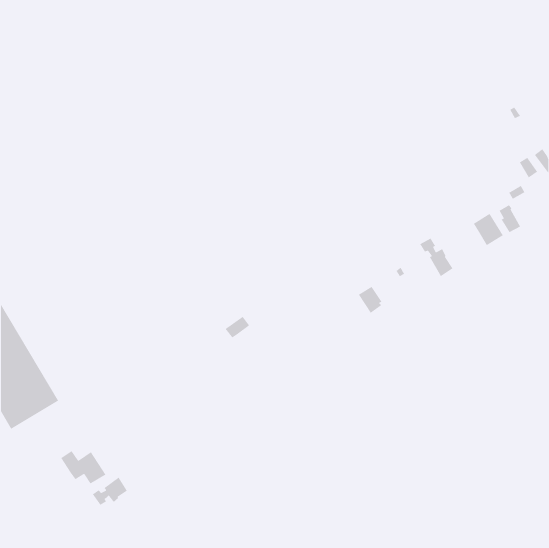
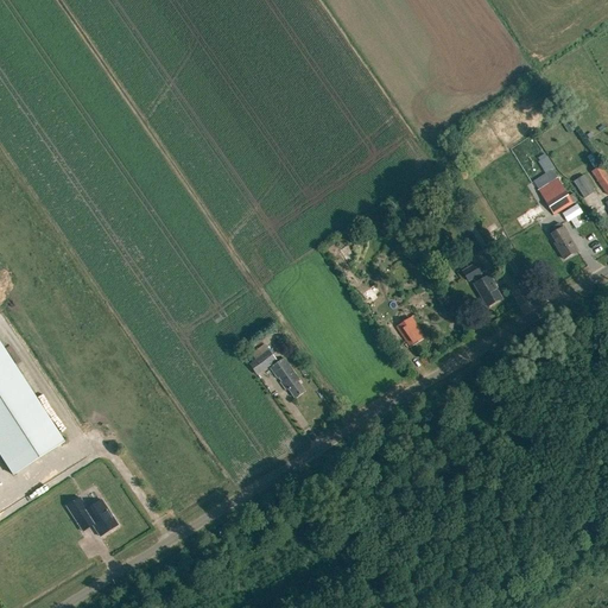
building: [473,213,504,246] -> [538,177,572,214]
building: none -> [270,357,304,397]
building: [92,476,128,506] -> none

